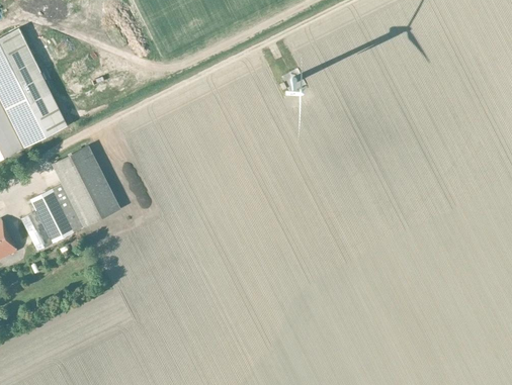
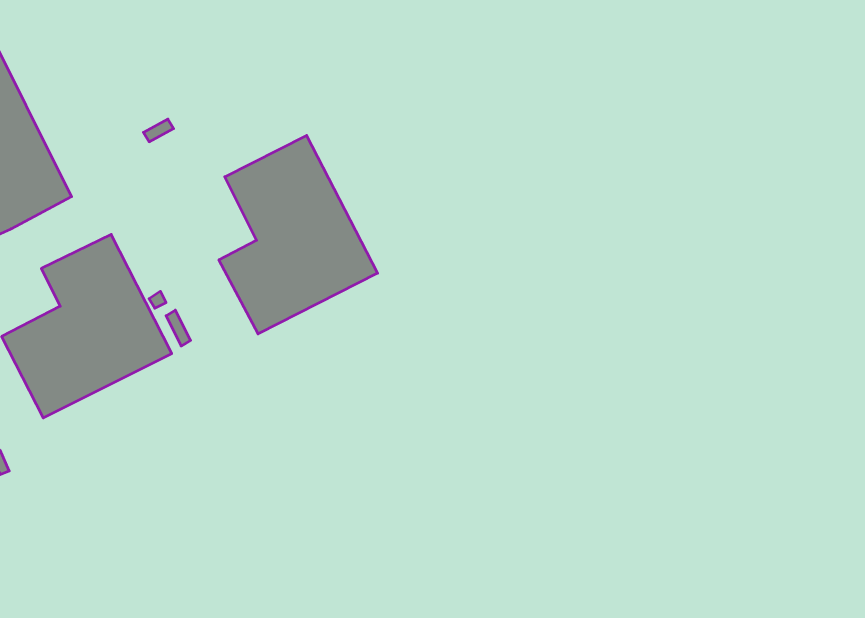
building: none -> [219,135,378,334]

